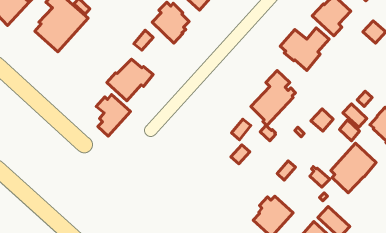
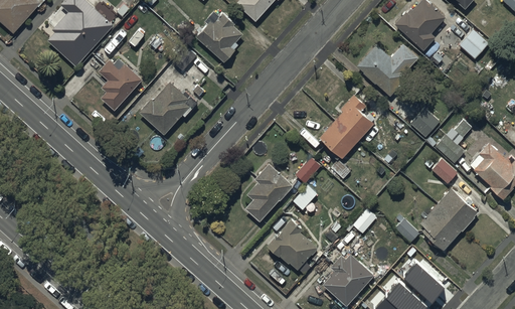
building: [96,95,131,136] -> [99,56,142,109]
building: [311,109,333,131] -> [410,109,439,137]
building: none -> [245,163,293,220]
building: none -> [268,218,317,274]

